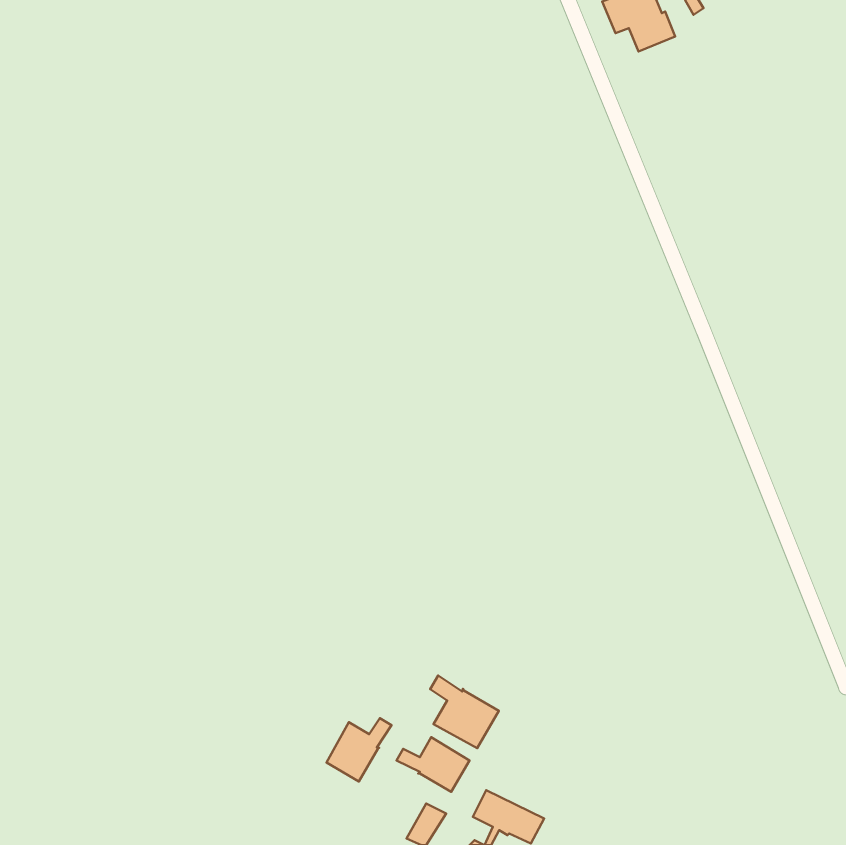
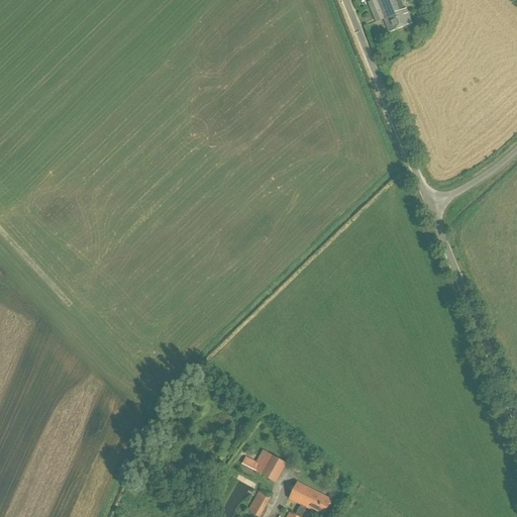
building: [430,676,499,748] -> none
building: [326,718,392,781] -> none

